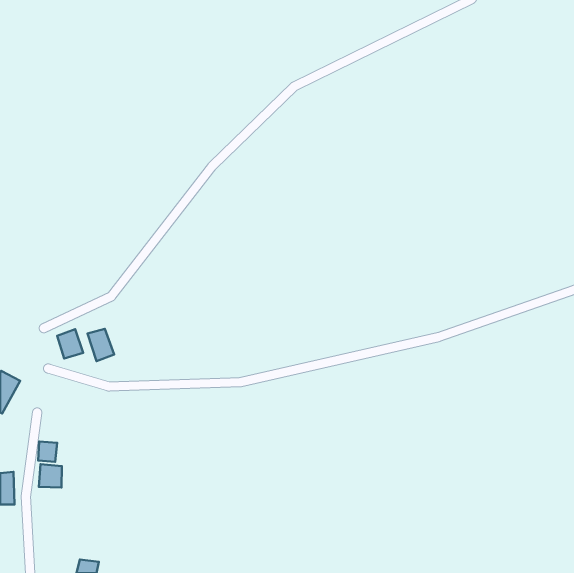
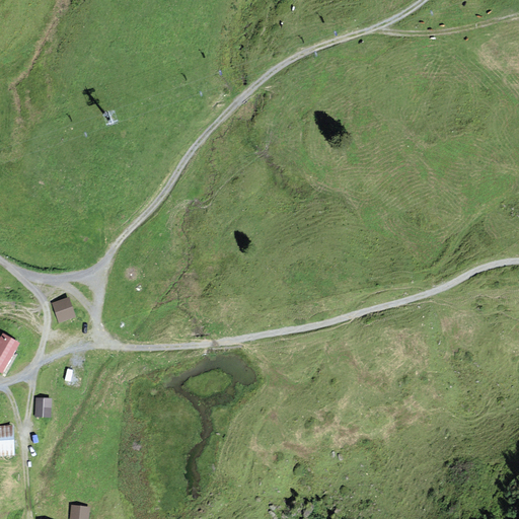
building: [87,329,114,361] -> none
building: [39,464,62,487] -> none

